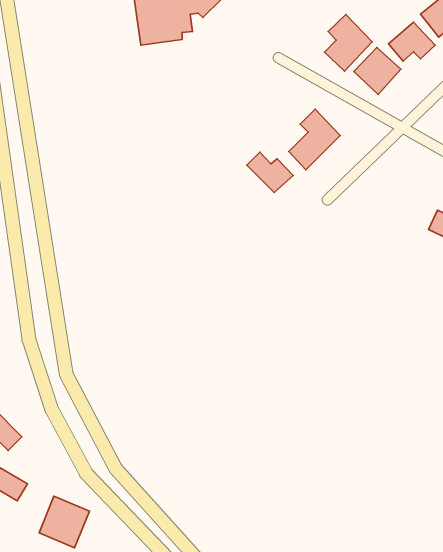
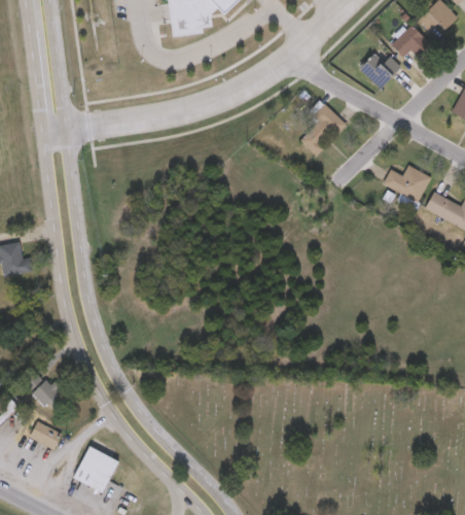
building: [325,14,372,71] -> none
building: [247,152,293,192] -> none
building: none -> [382,164,431,201]

